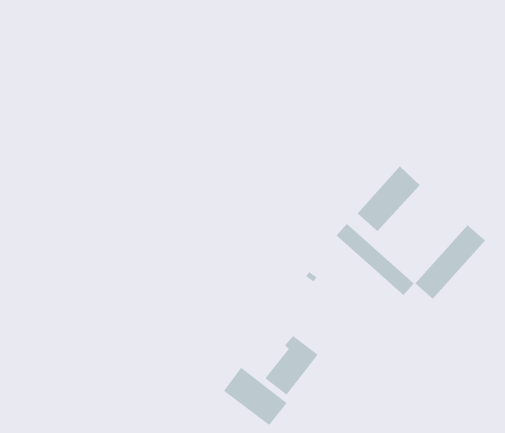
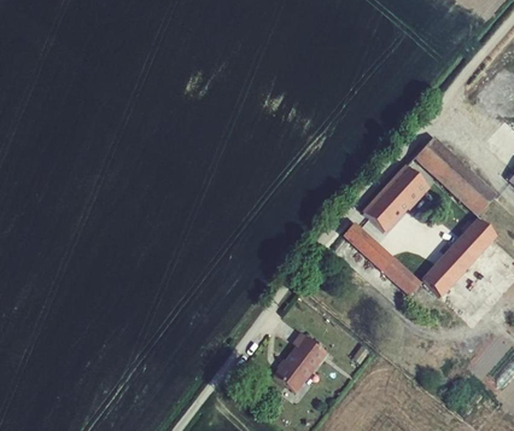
building: none -> [416,138,496,215]
building: [223,367,287,426] -> none

